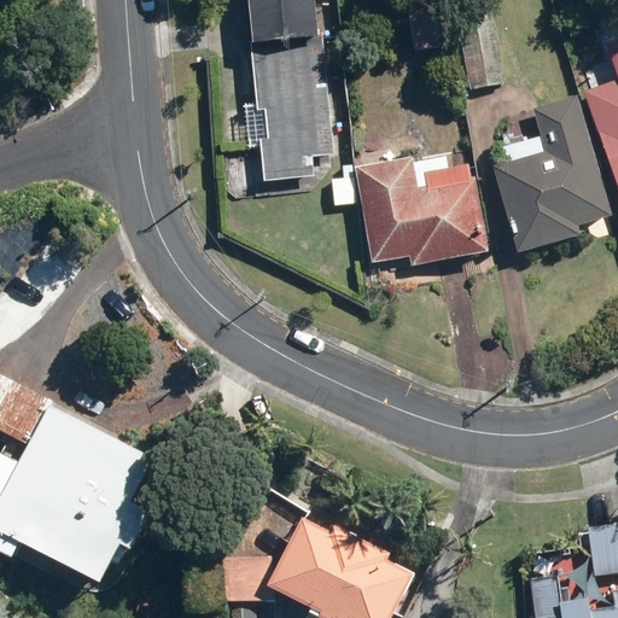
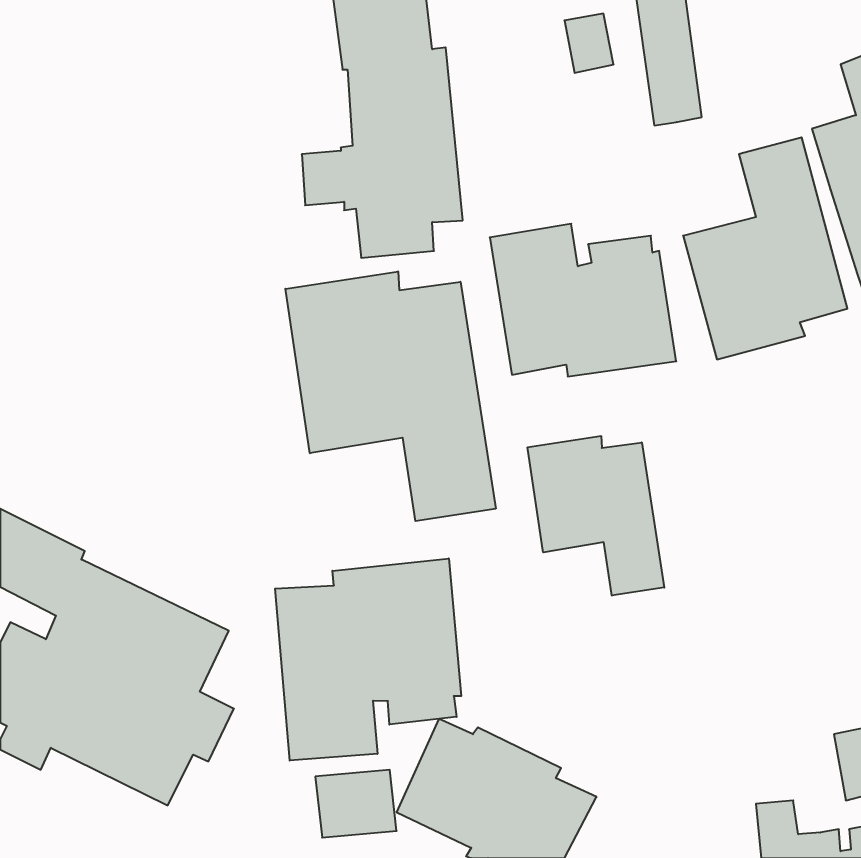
building: none -> [285,271,496,521]
building: none -> [528,436,664,596]
building: none -> [275,558,461,761]

